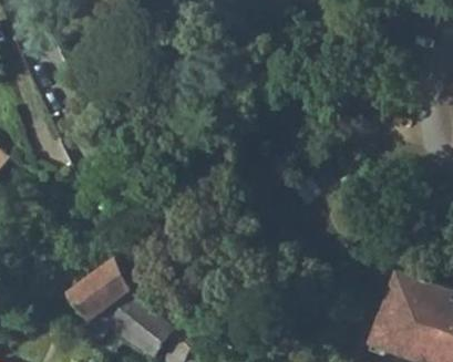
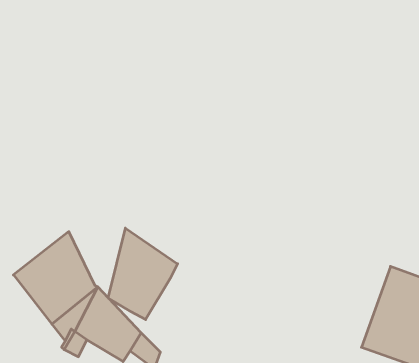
building: none -> [108,228,178,320]

